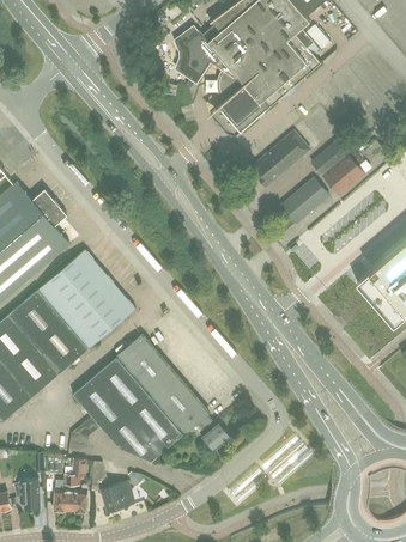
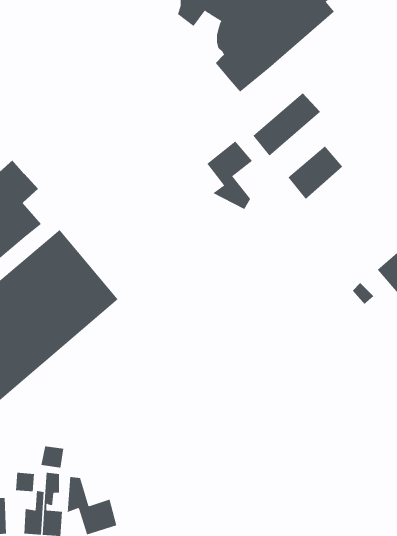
building: [311,136,365,195] -> none
building: none -> [206,141,253,210]
building: [73,334,230,461] -> none

